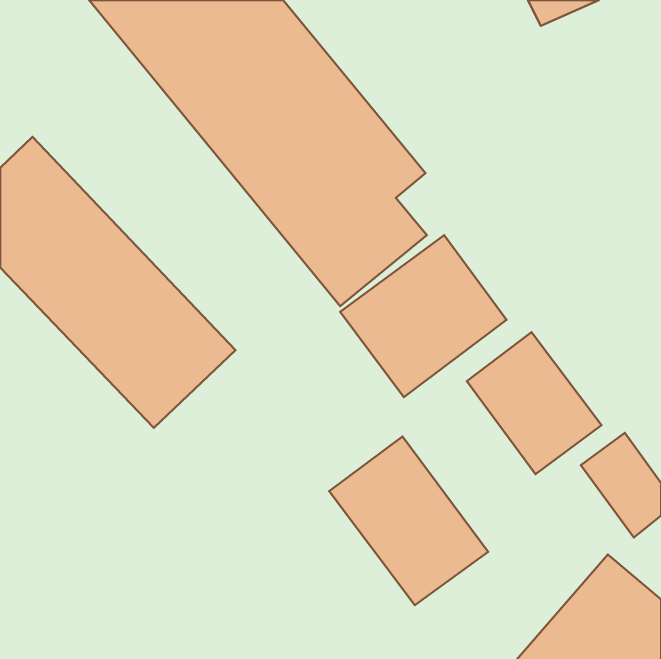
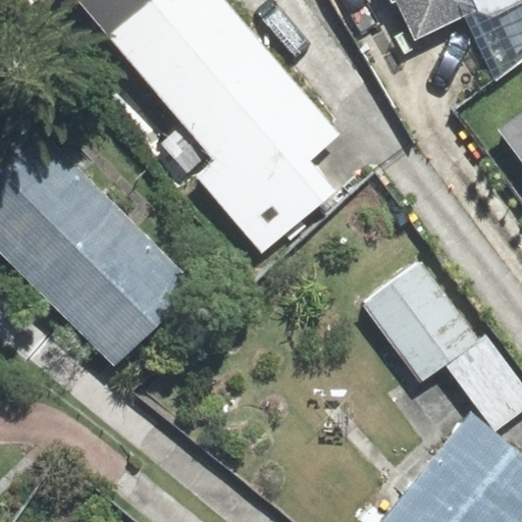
building: [340,235,506,397] -> none
building: [329,437,488,605] -> none

